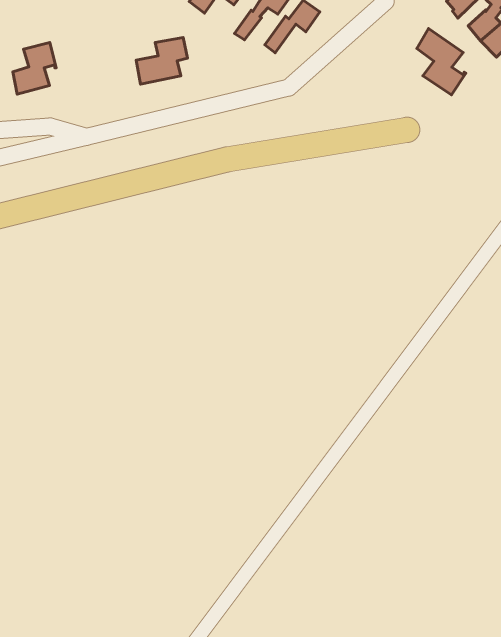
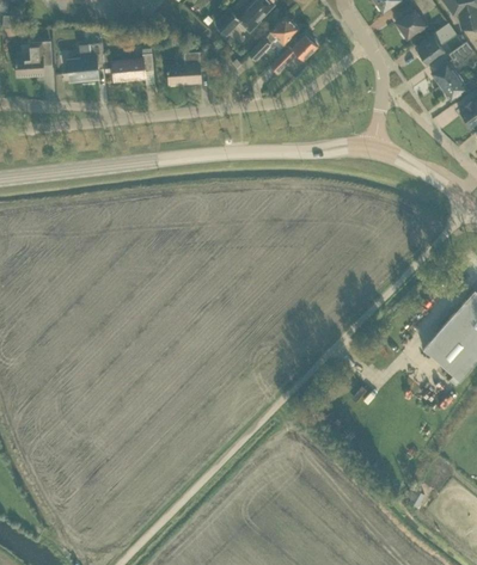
building: [417,28,466,95] -> none
building: none -> [111,54,153,81]

